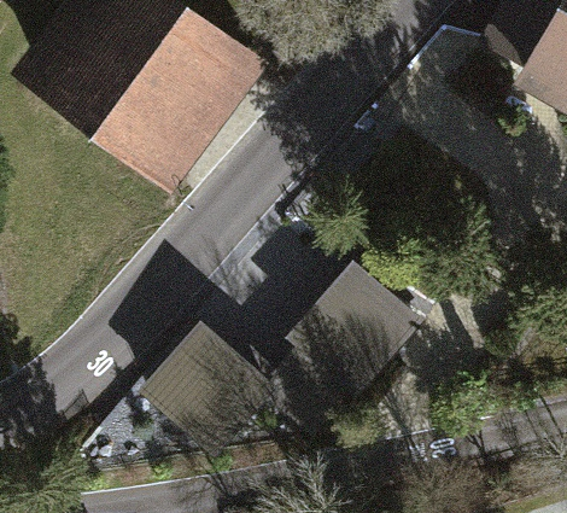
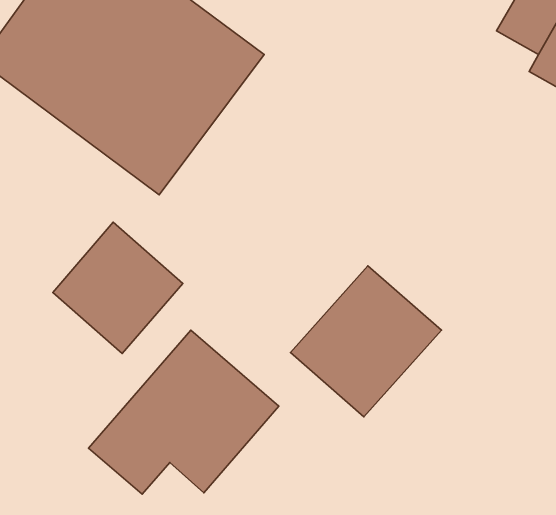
building: none -> [53,222,183,353]

